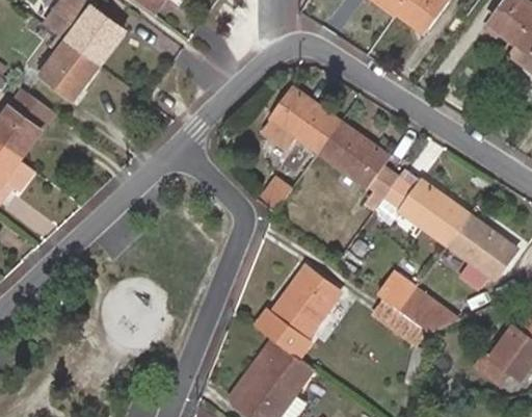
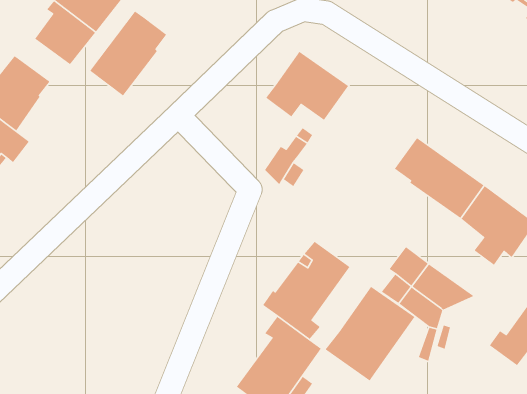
building: none -> [89,10,167,96]
building: [316,119,398,210] -> none
building: none -> [325,286,416,382]

